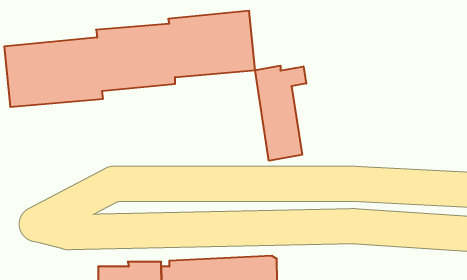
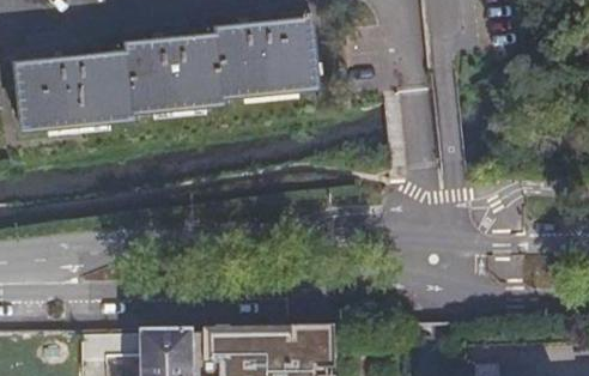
building: [255,66,306,161] -> none

